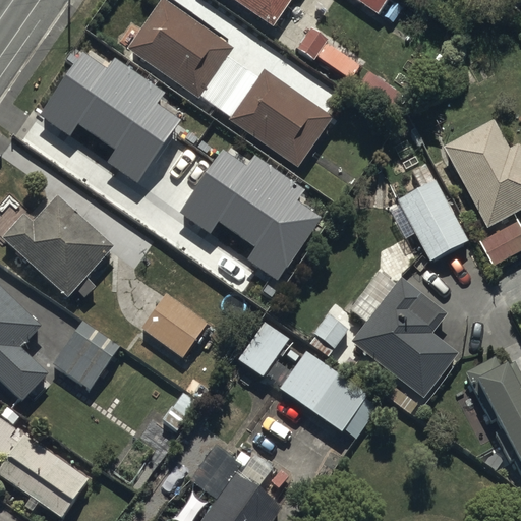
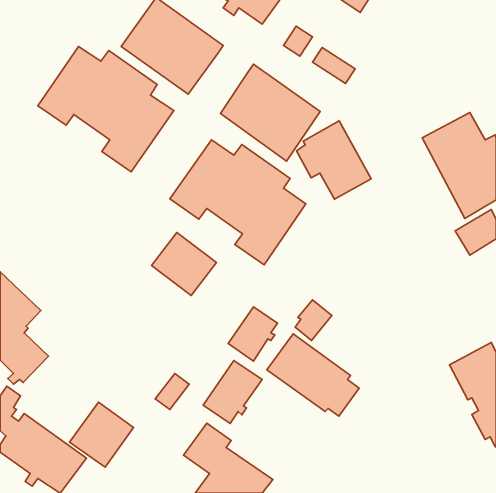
building: [390,179,468,262] -> [297,121,371,199]
building: [4,194,116,297] -> none
building: [349,276,458,398] -> none
building: [141,293,210,359] -> [151,233,216,296]
building: [54,321,121,389] -> [69,402,133,467]
building: none -> [203,360,262,424]

